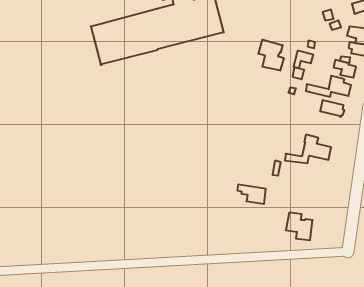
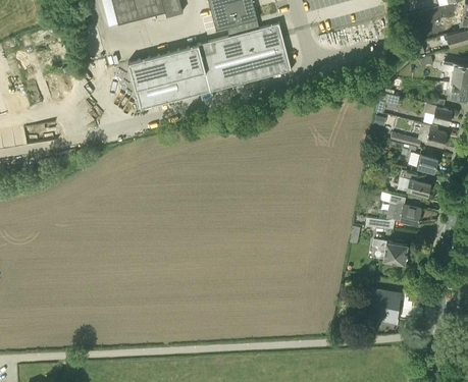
building: [258,40,284,71] -> none
building: none -> [401,170,431,197]
building: [237,185,266,204] -> [373,239,408,263]

